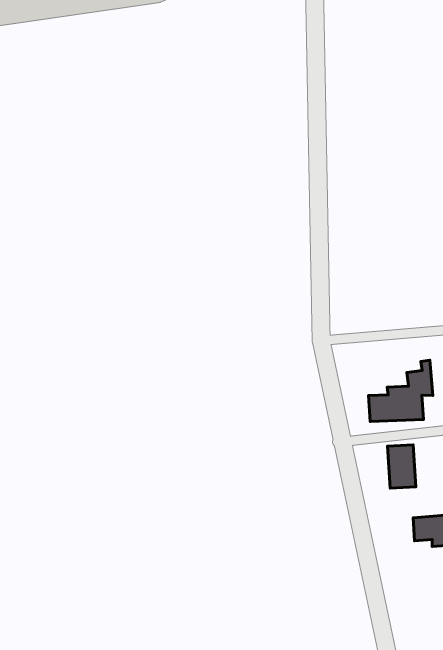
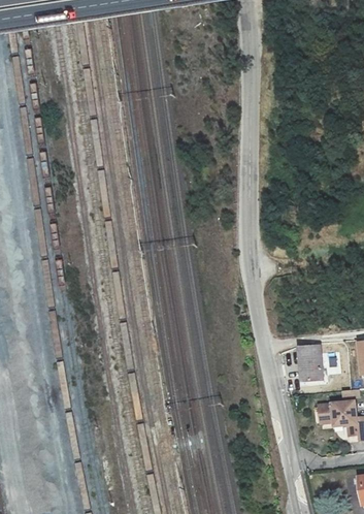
building: [368,360,433,422] -> none

